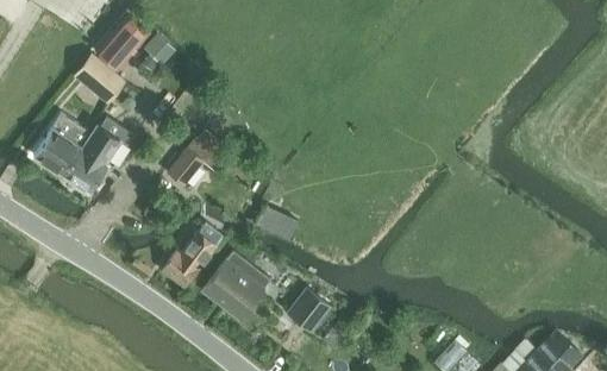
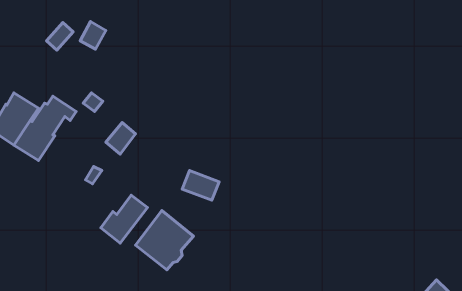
building: [76,57,121,101] -> none
building: [288,289,330,331] -> none

